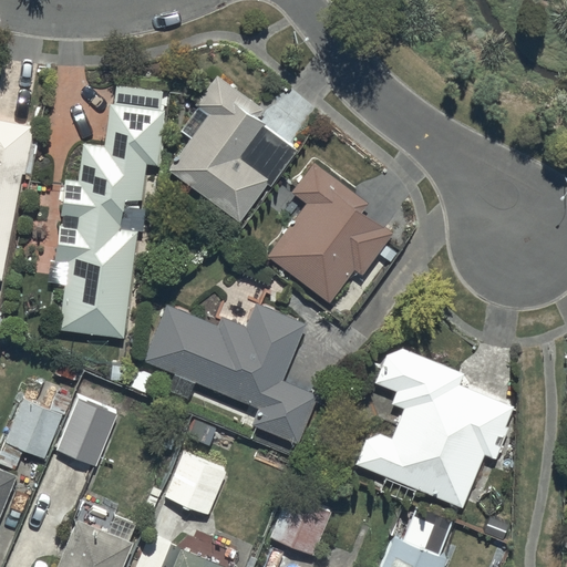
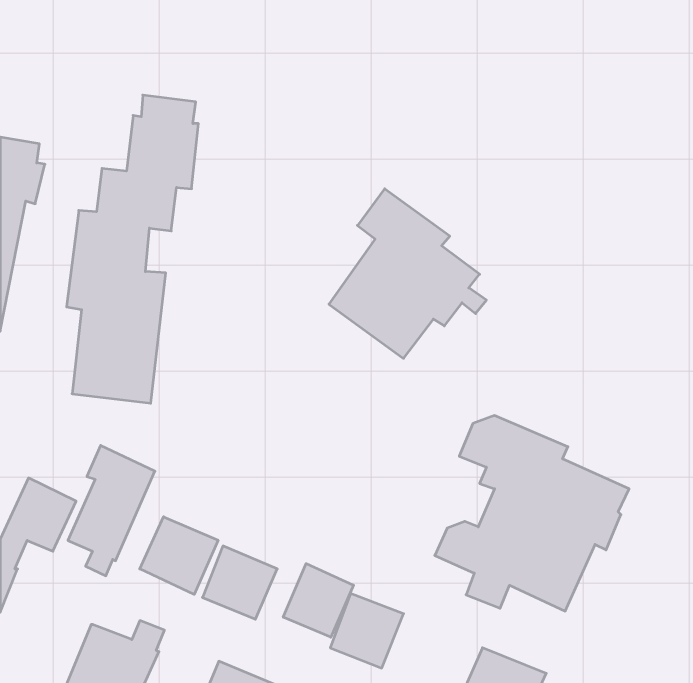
building: [169,75,297,220] -> none
building: [143,303,317,443] -> none
building: none -> [140,517,218,594]
building: none -> [283,564,354,637]

